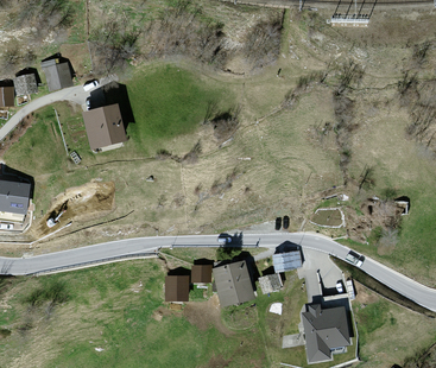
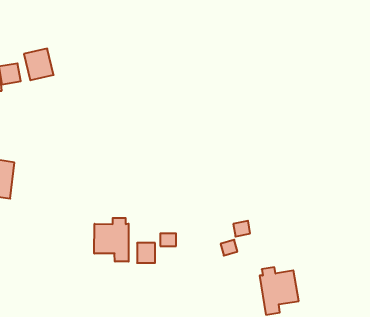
building: [81,106,124,151] -> none
building: none -> [94,218,129,262]
building: [215,262,252,302] -> none

